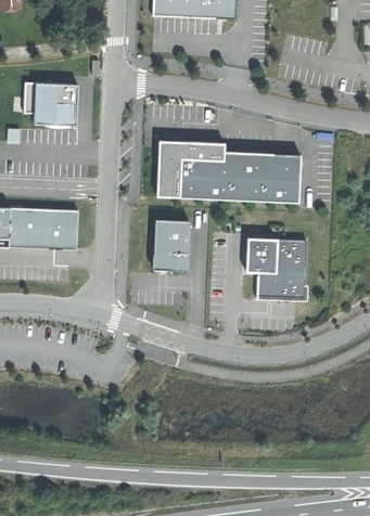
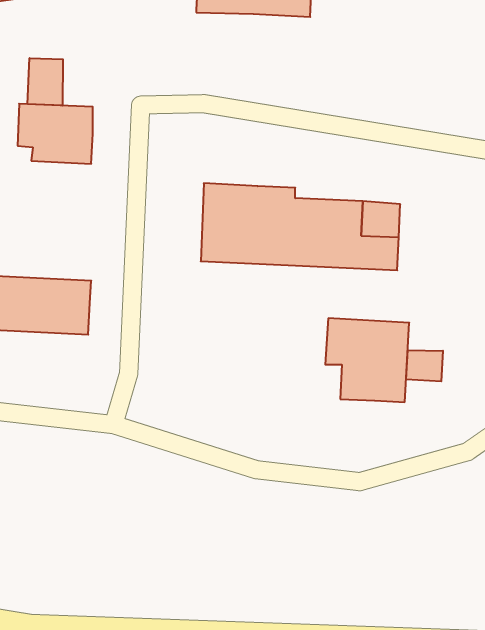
building: none -> [28,58,63,106]
building: [154,219,190,271] -> none
building: none -> [406,350,443,381]

